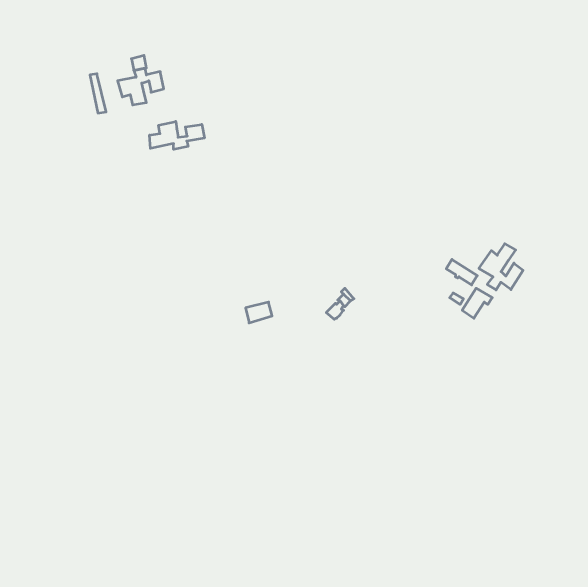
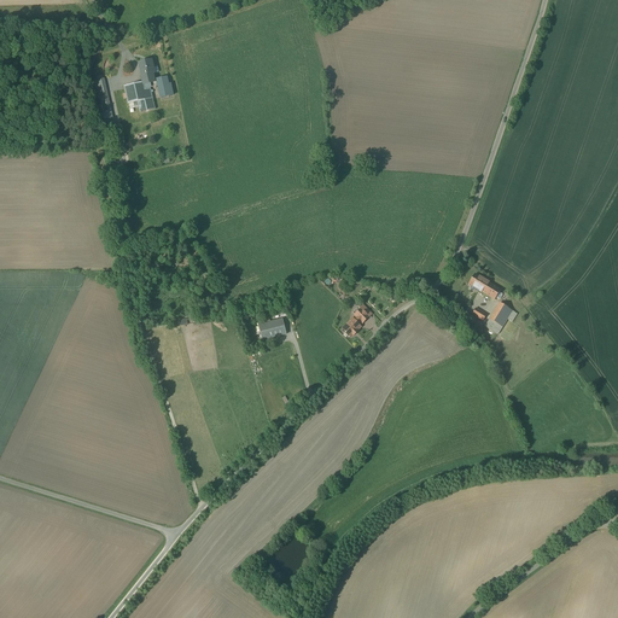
building: [150,121,204,149] -> none
building: [479,244,523,290] -> none

